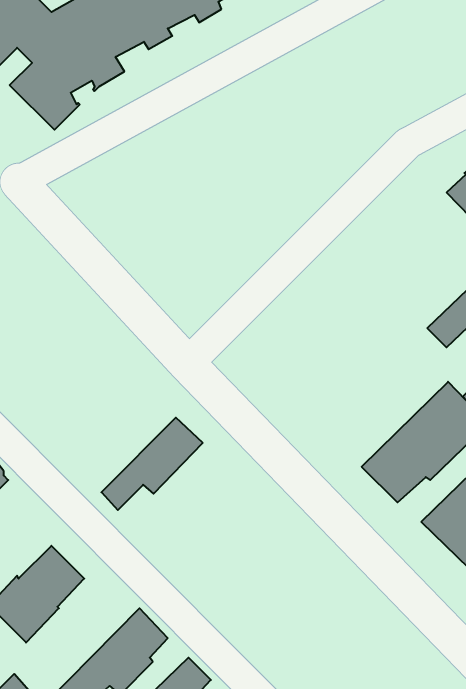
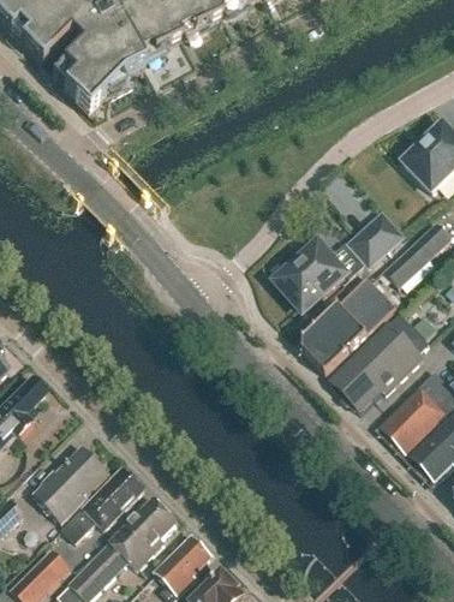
building: none -> [345,209,404,267]
building: none -> [276,243,347,306]
building: none -> [306,279,399,376]
building: [101,418,203,510] -> [62,466,144,541]

